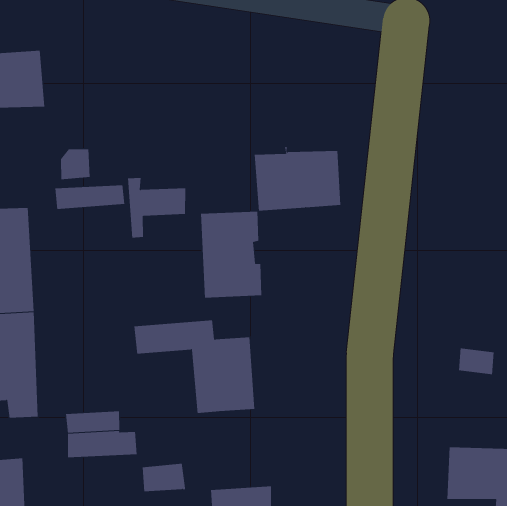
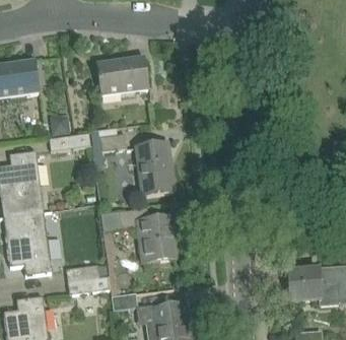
building: [254,146,341,211] -> [96,56,149,94]

